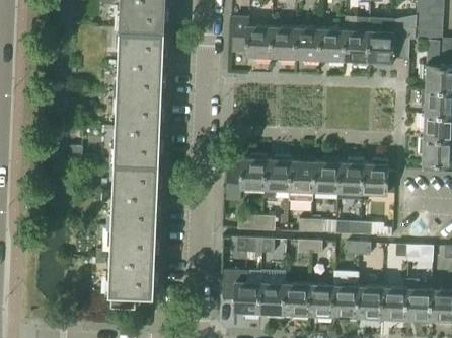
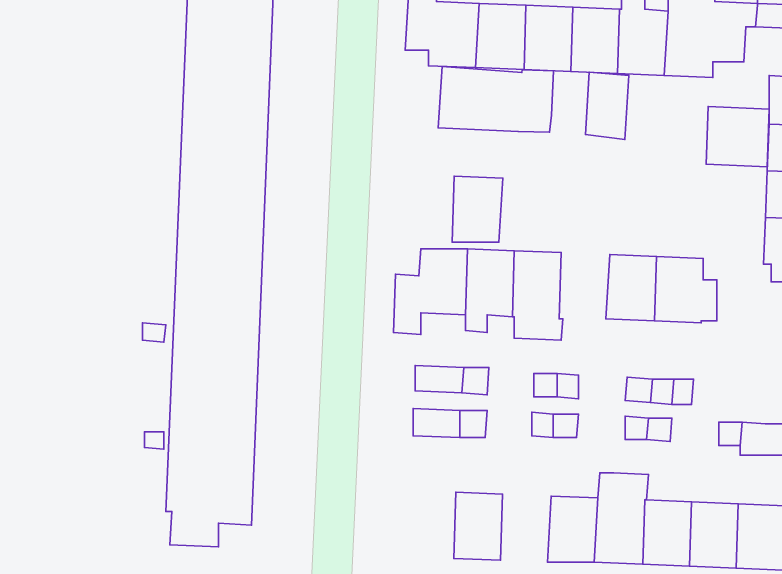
building: none -> [438,66,554,132]
building: none -> [585,72,629,140]
building: none -> [706,106,769,167]
building: [313,156,340,191] -> [452,176,503,242]
building: [223,269,259,316] -> none
building: [283,282,309,318] -> none

